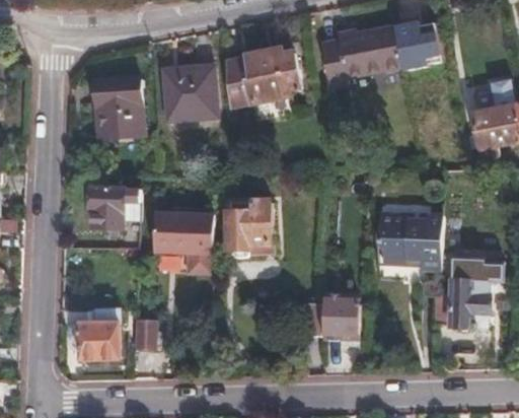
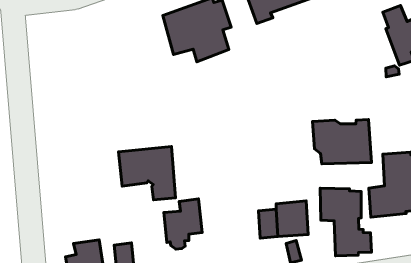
building: [160,61,219,122] -> none
building: [94,78,141,140] -> none
building: [90,187,138,225] -> none
building: [228,202,271,256] -> [164,199,202,249]
building: none -> [320,188,372,256]

